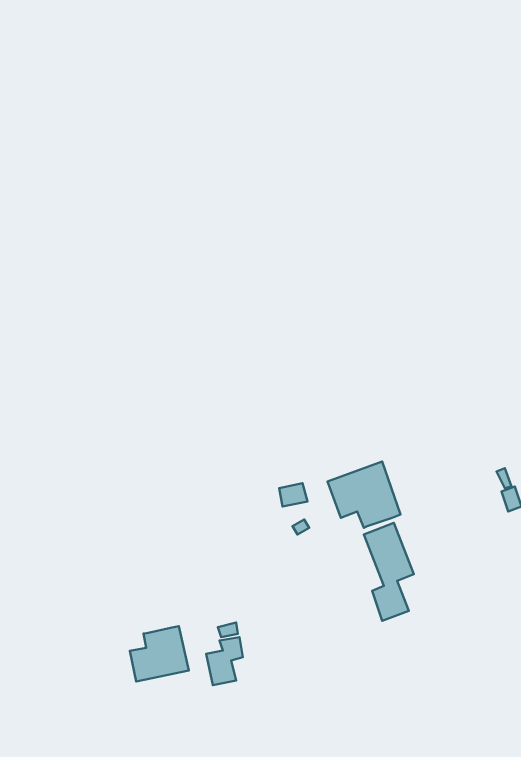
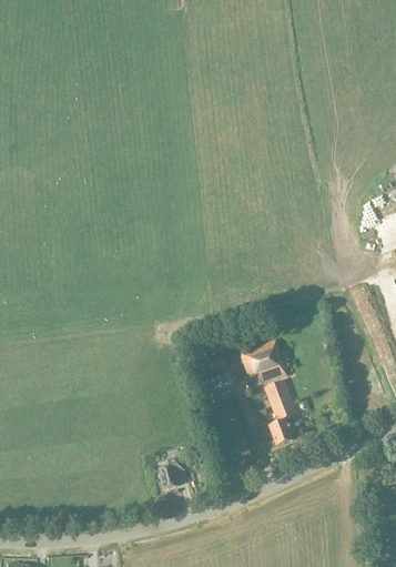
building: [130,626,189,682] -> none

